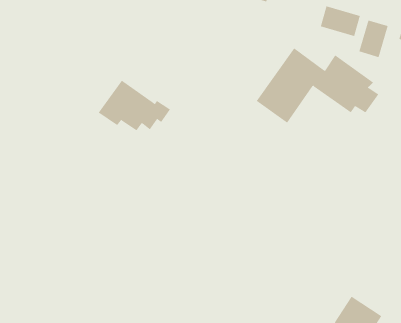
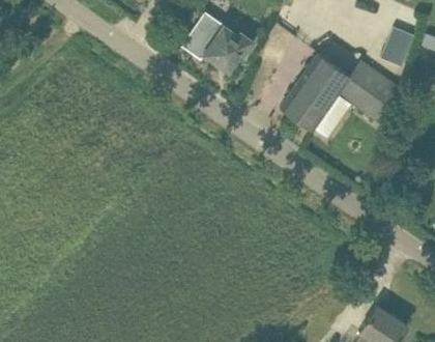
building: [320,6,360,37] -> none
building: [98,80,171,131] -> [180,13,254,65]

